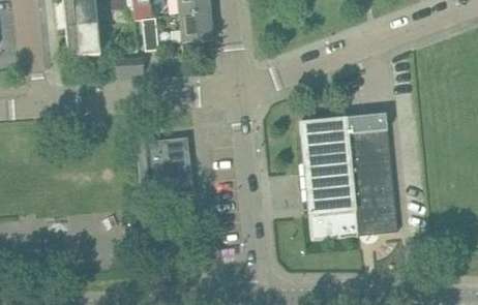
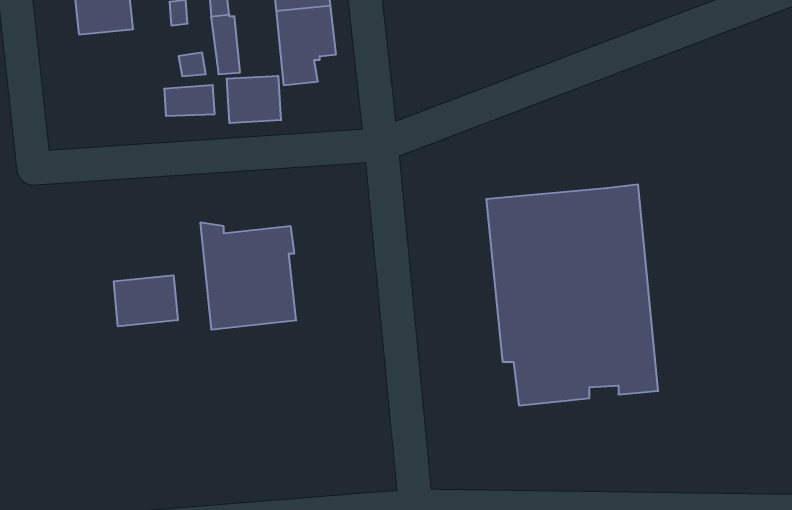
building: [66,24,100,56] -> none
building: none -> [227,76,281,123]
building: none -> [114,275,178,326]

